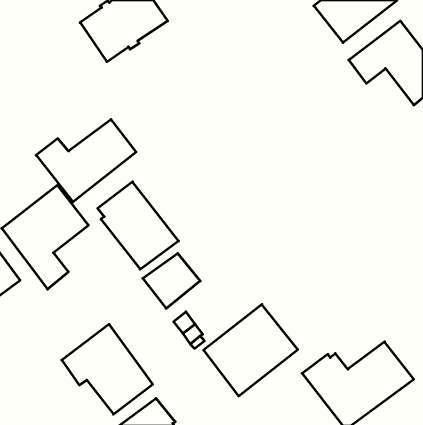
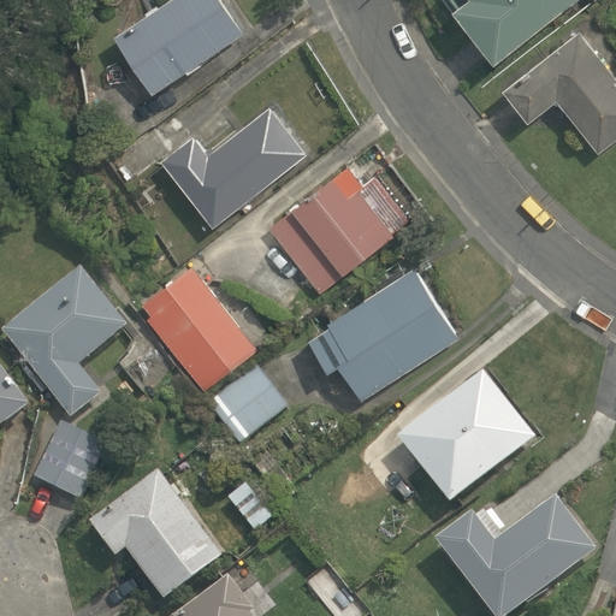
building: [36,119,136,202] -> [161,105,306,224]
building: none -> [267,174,393,294]
building: none -> [309,266,457,395]
building: none -> [32,422,105,500]
building: [204,304,298,396] -> [398,372,534,504]

